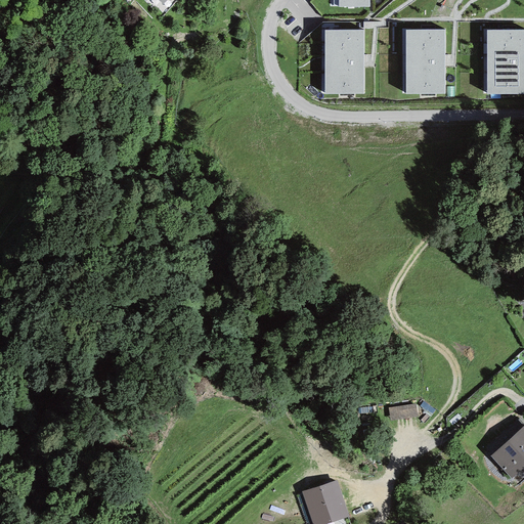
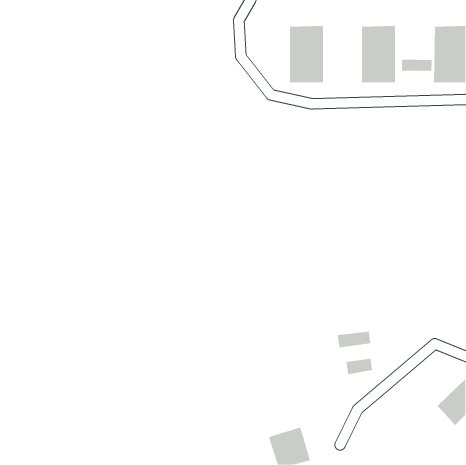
building: none -> [402,59,432,72]
building: none -> [337,331,371,348]

